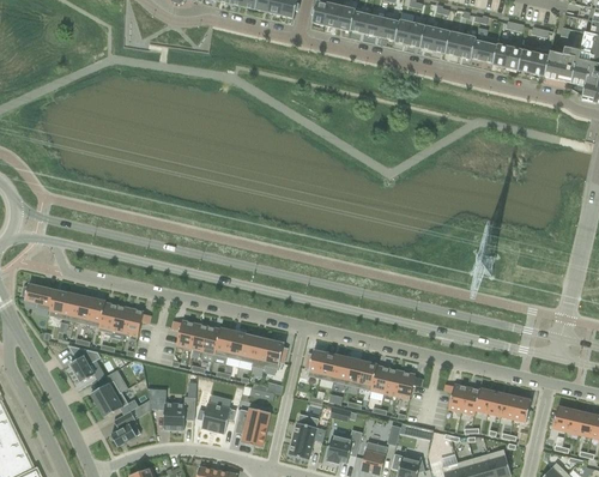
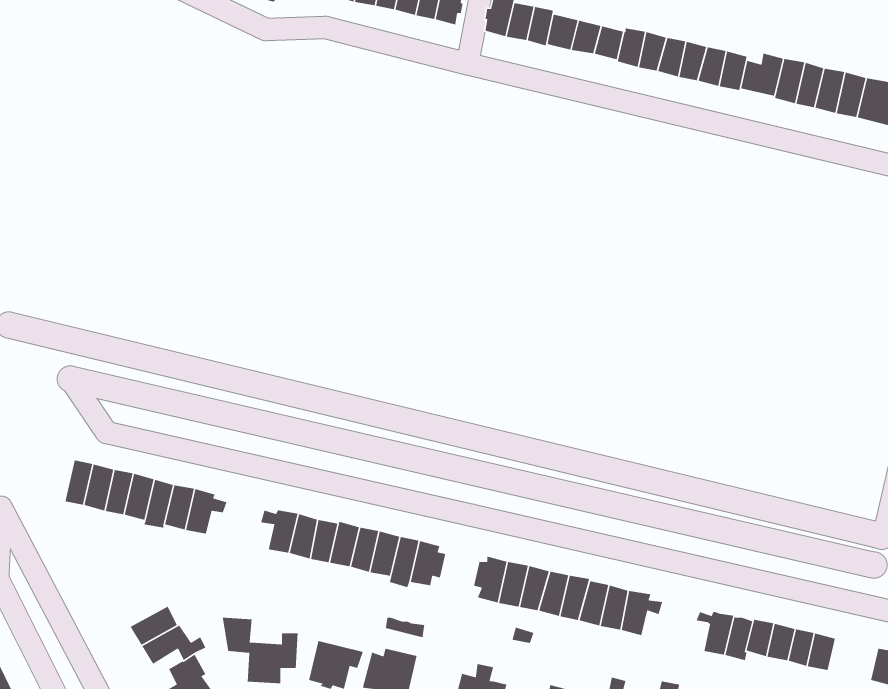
building: [22,283,55,315] -> none
building: [68,345,102,382] -> none

